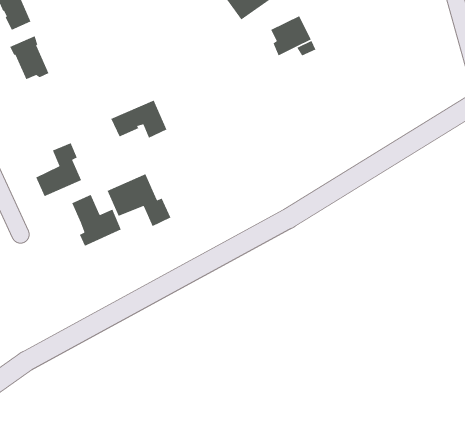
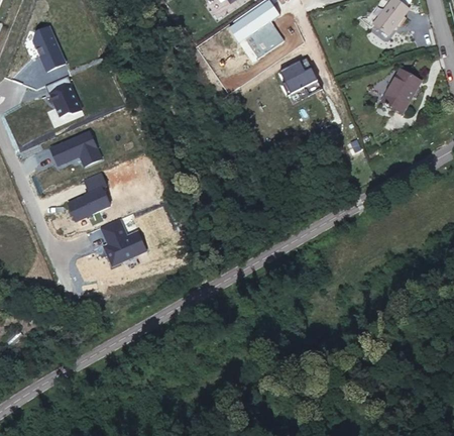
building: none -> [381,69,420,113]
building: [110,99,168,139] -> [49,131,101,167]
building: [107,173,171,227] -> none

